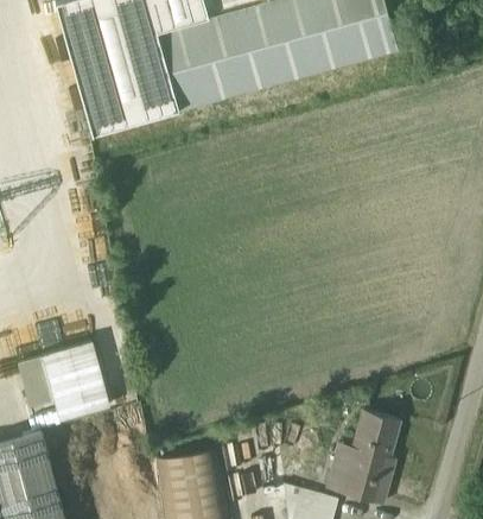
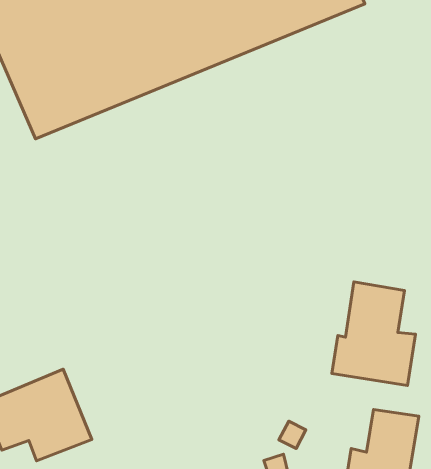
building: none -> [332,282,415,385]

